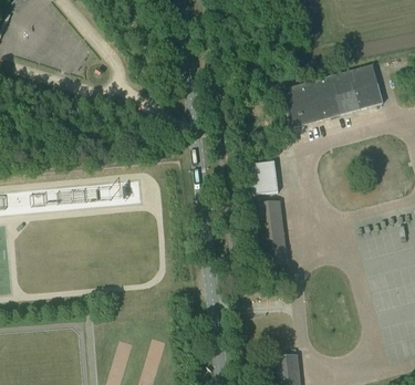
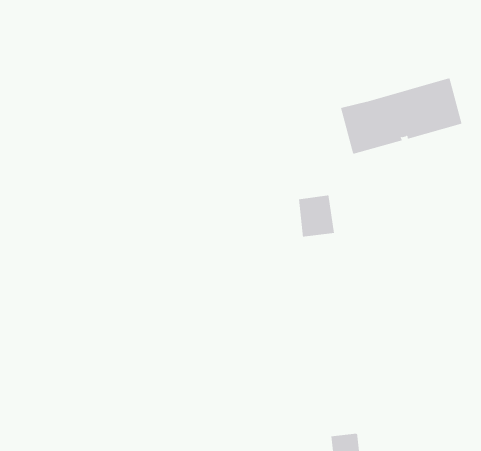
building: [257,200,287,271] -> none

